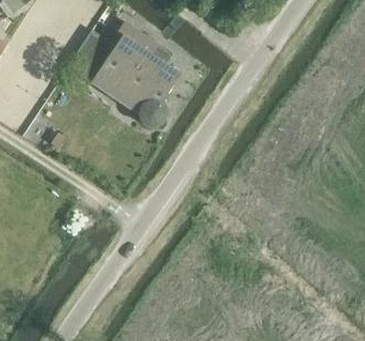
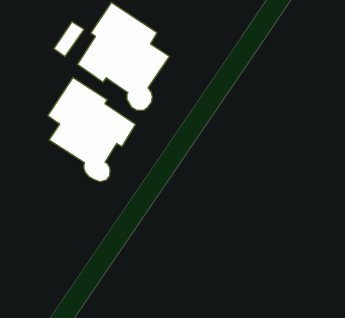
building: none -> [48,77,136,182]

